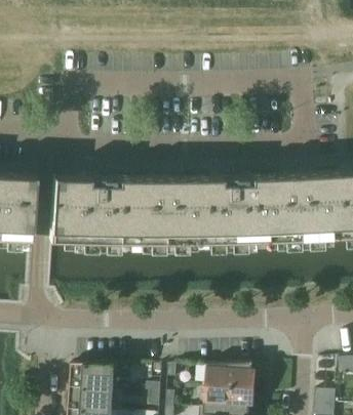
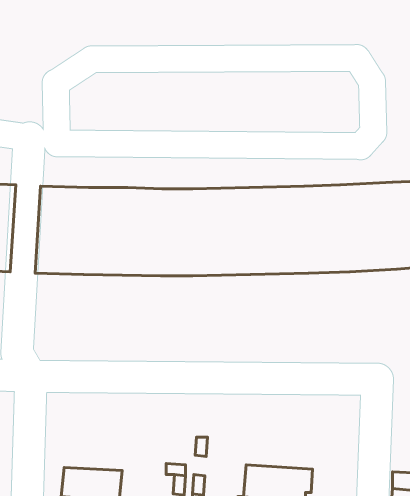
building: [206,364,257,388] -> none
building: [71,365,115,389] -> none

